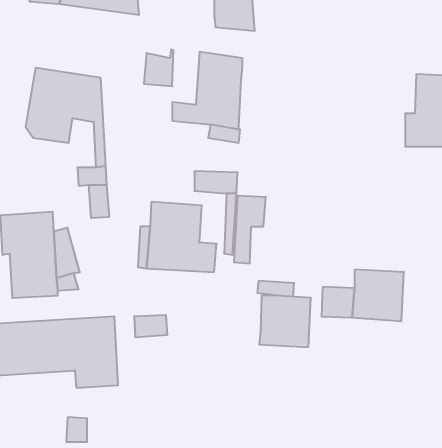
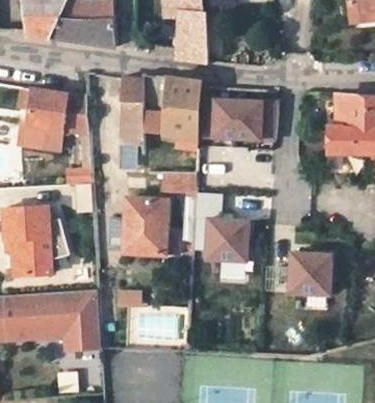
building: none -> [197,99,277,140]
building: none -> [119,102,143,144]
building: [259,295,311,347] -> [205,218,247,260]

